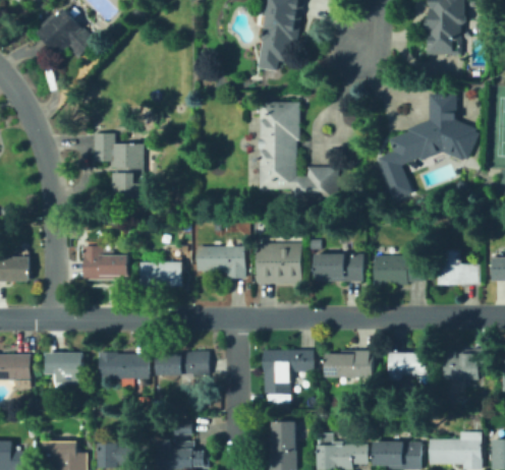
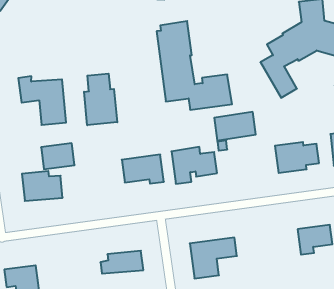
building: none -> [84,74,117,125]
building: [316,254,360,282] -> [214,112,256,141]
building: [145,260,180,286] -> [41,143,75,169]
building: [101,353,147,379] -> none
building: [328,354,373,378] -> none

